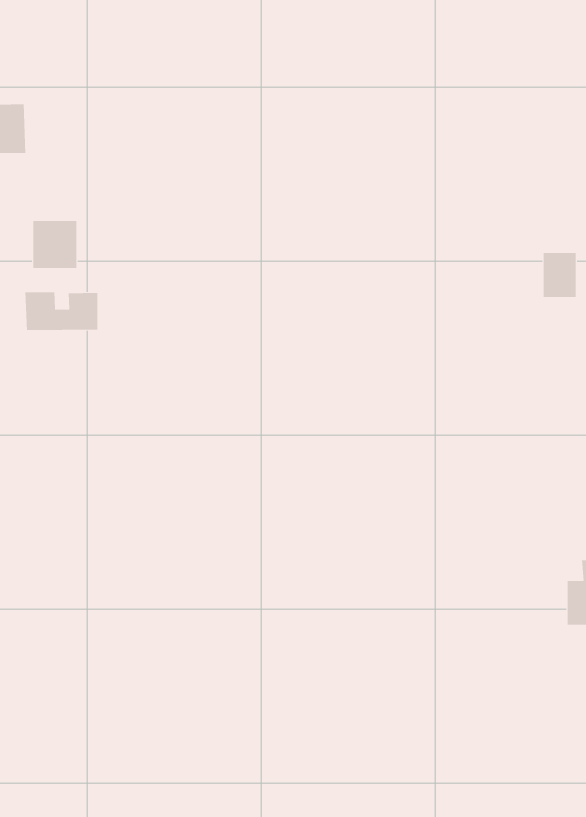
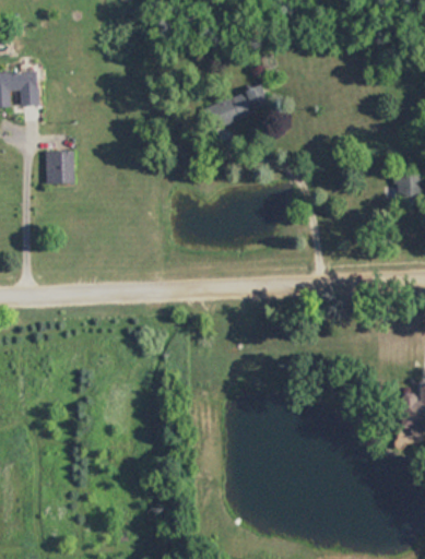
building: none -> [208,83,272,130]
building: [25,291,98,331] -> none

